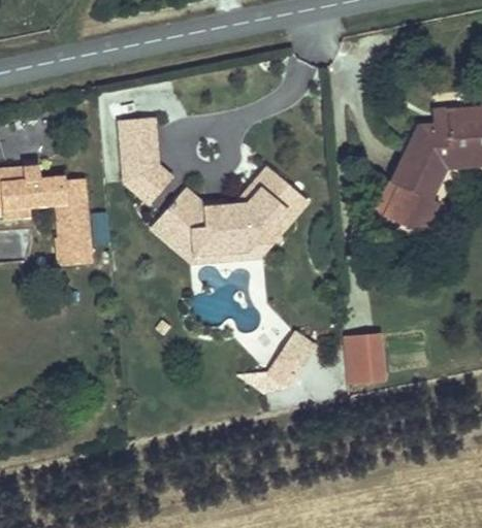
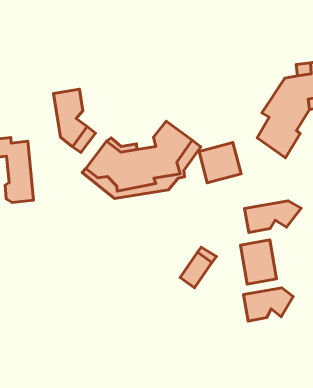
building: none -> [199,143,241,183]
building: none -> [245,201,301,232]
building: none -> [243,288,293,321]

